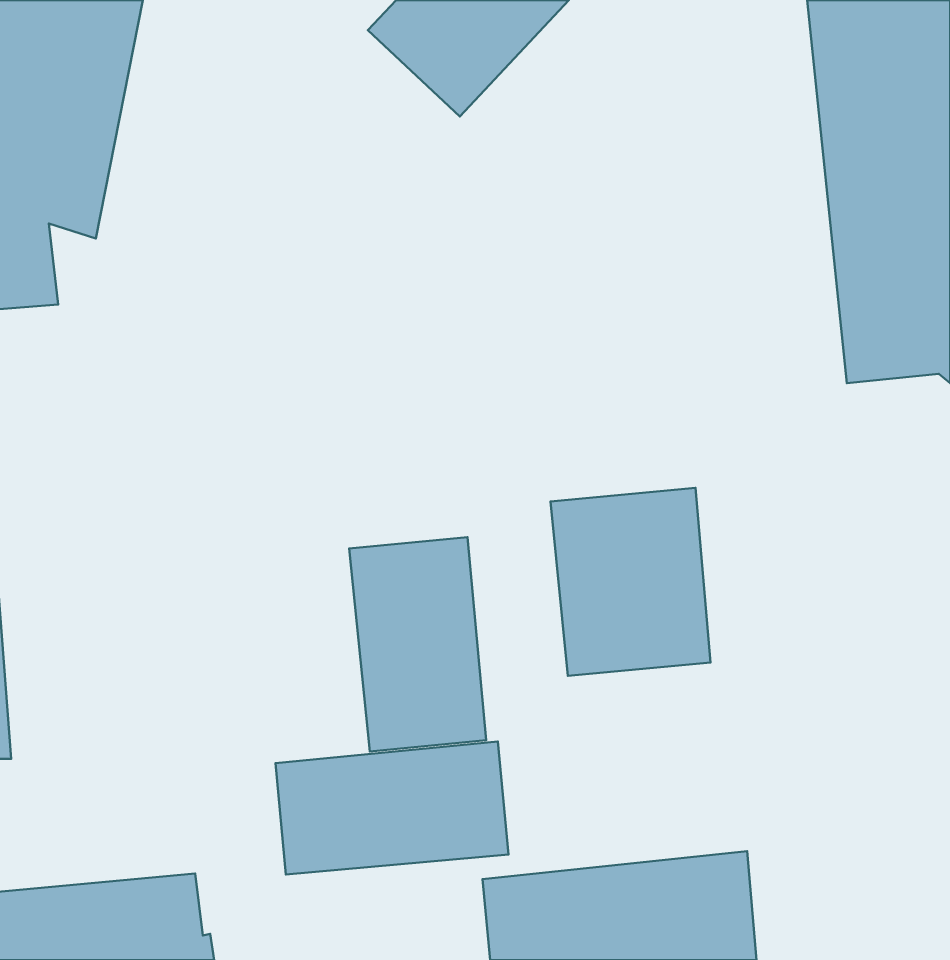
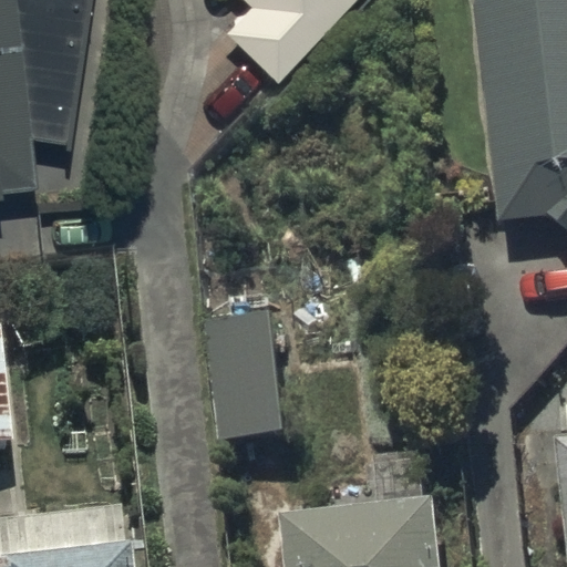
building: [550,488,711,676] -> none
building: [275,741,508,874] -> none

